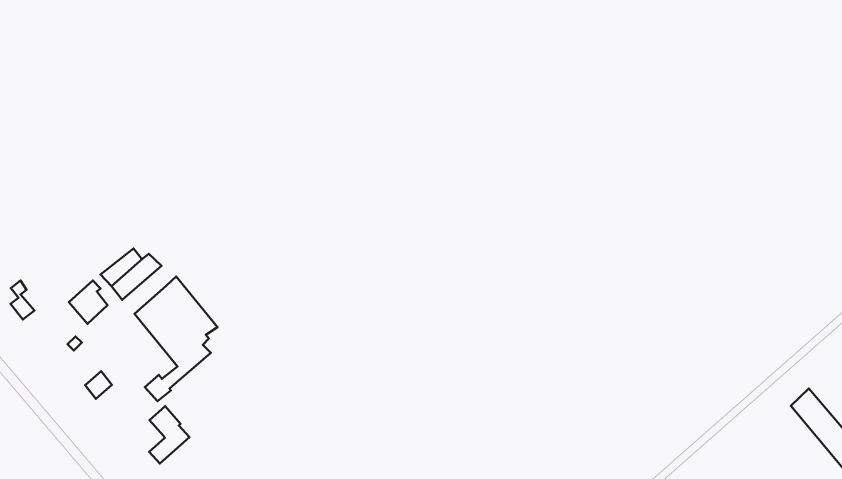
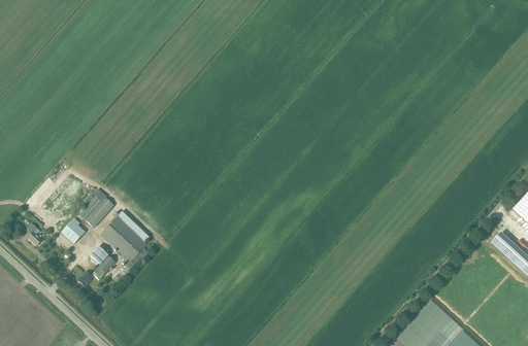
building: [149,406,190,464] -> [90,246,114,280]

